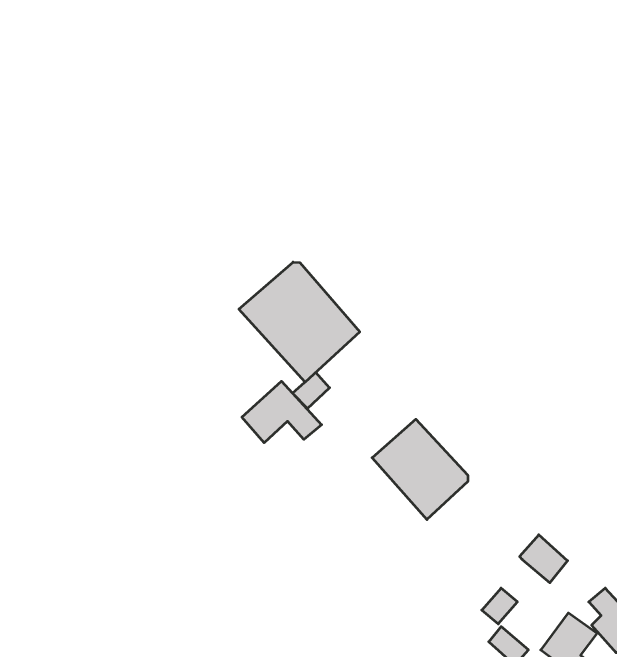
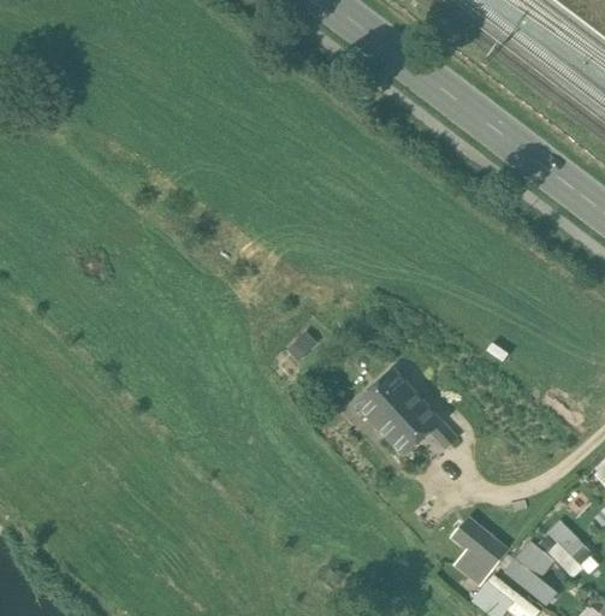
building: [239,262,360,382] -> none
building: [242,381,322,443] -> none
building: [520,535,568,583] -> [465,531,508,573]

